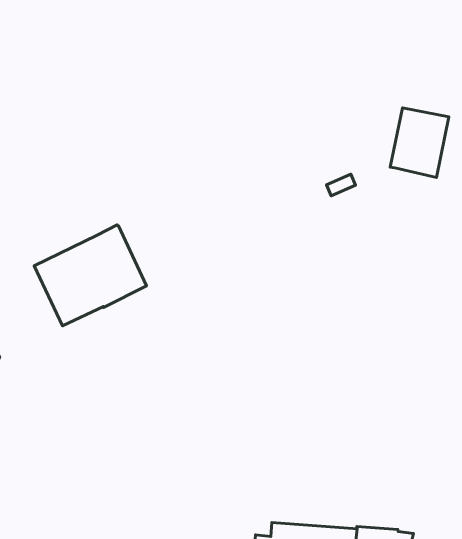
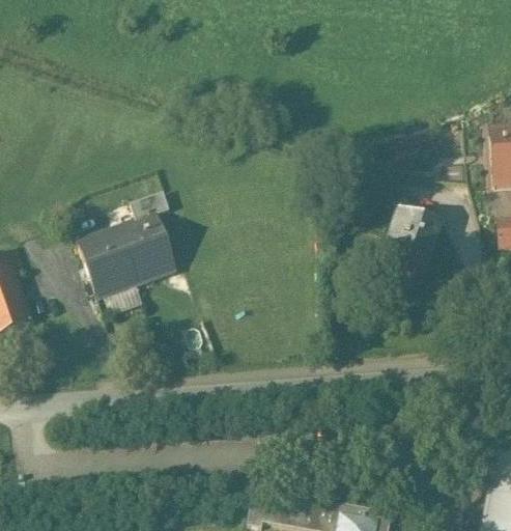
building: [390,108,449,177] -> [384,208,441,274]
building: none -> [132,192,170,219]

